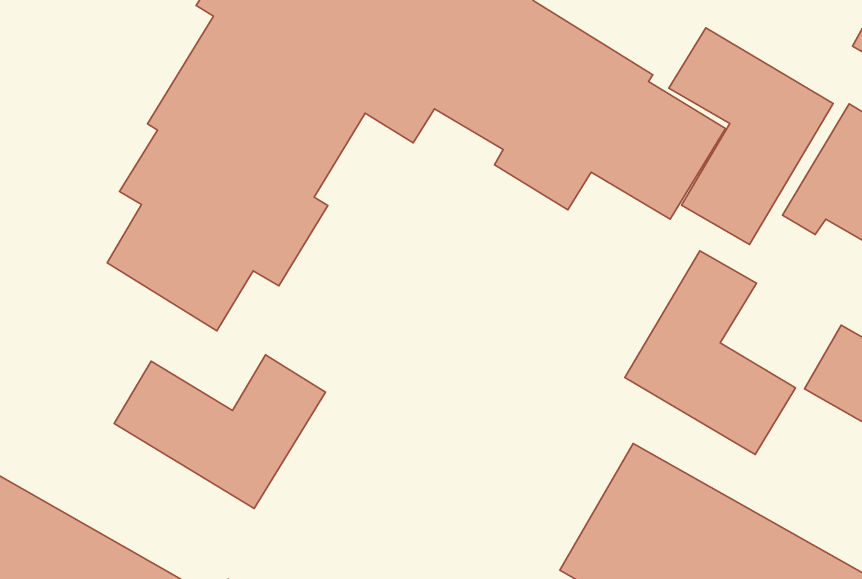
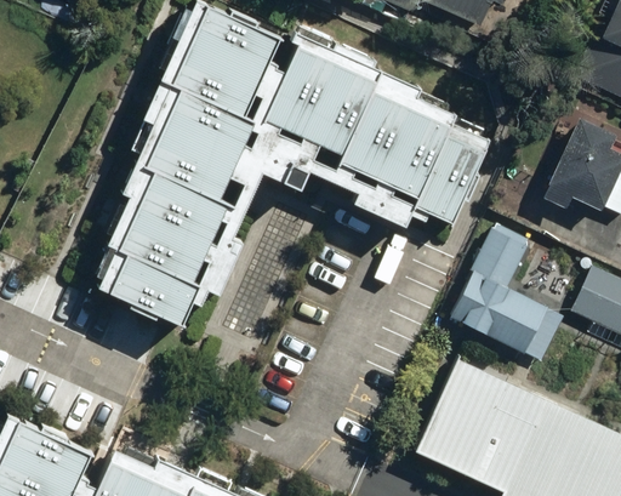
building: [669,28,833,244] -> none
building: [114,355,325,509] -> none

